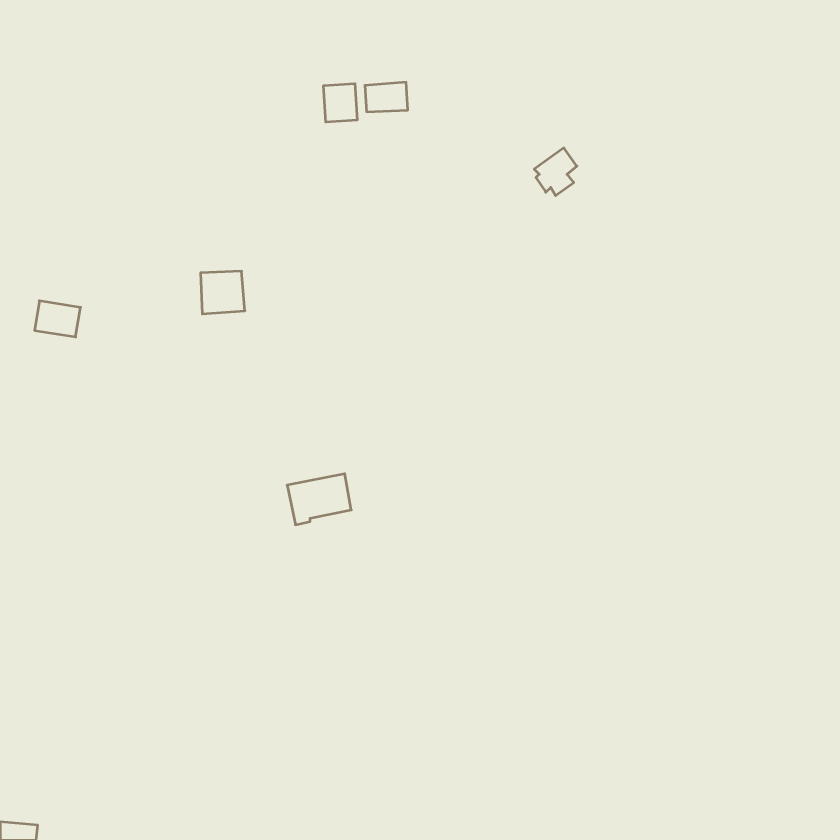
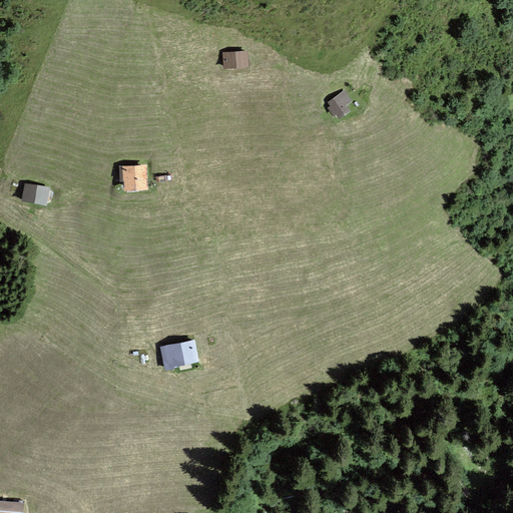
building: [324,84,357,122] -> none
building: [287,474,351,525] -> [159,340,198,371]

